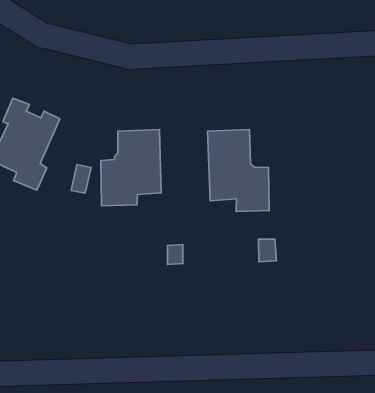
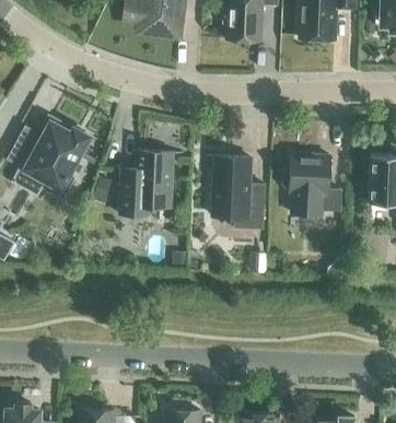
building: none -> [283,154,342,215]

